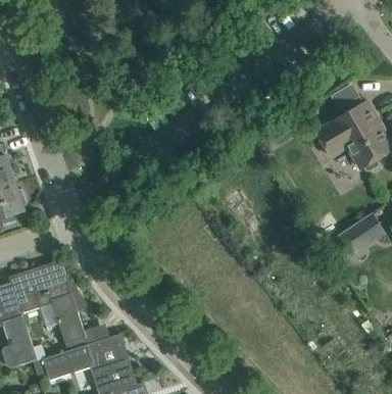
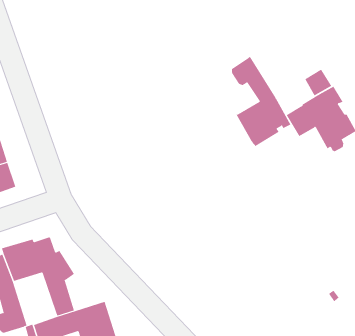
building: none -> [231,56,291,147]
building: [333,212,385,259] -> none

